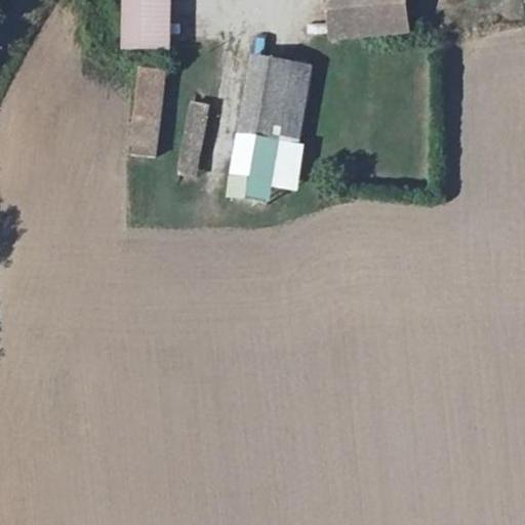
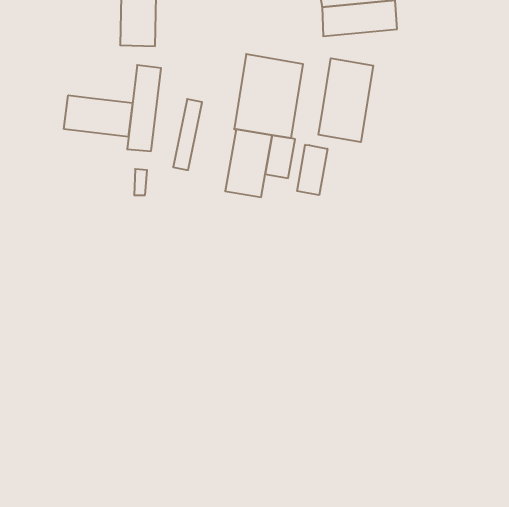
building: none -> [318,58,373,142]
building: none -> [64,95,132,137]
building: none -> [297,145,327,195]

